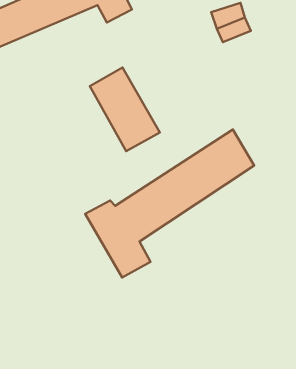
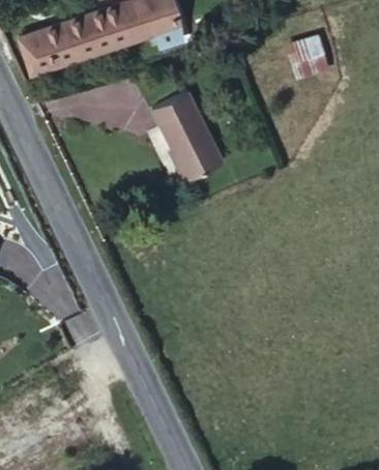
building: [85,129,254,277] -> none

